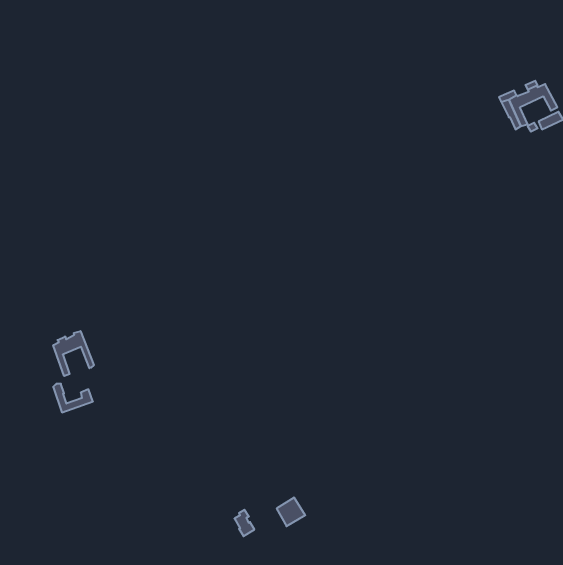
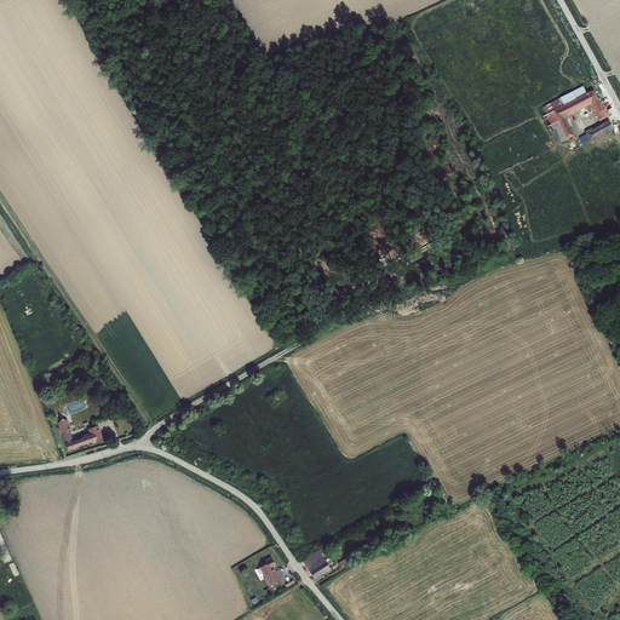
building: [53,331,94,376] -> none

